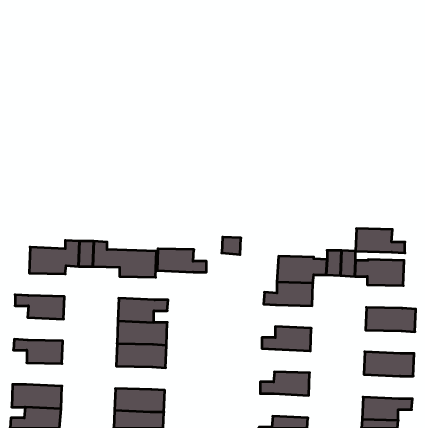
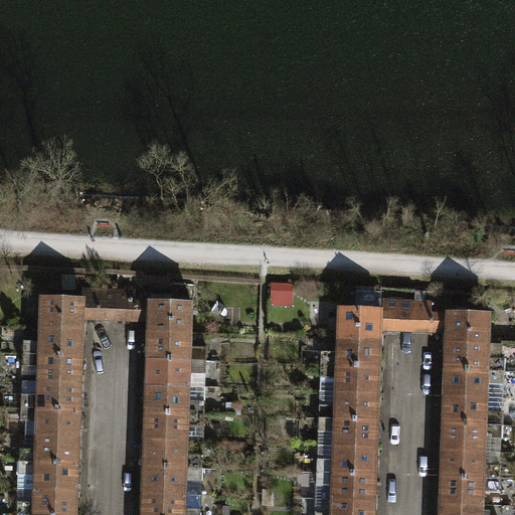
building: [356,229,405,253] -> [444,342,503,371]
building: [157,249,206,272] -> [146,332,205,360]
building: none -> [21,328,81,356]
building: none -> [319,365,378,394]
building: none -> [20,381,79,409]
building: none -> [442,396,502,424]
building: none -> [317,418,376,448]
building: none -> [18,436,77,464]
building: none -> [142,440,201,469]
building: none -> [440,450,499,479]
building: none -> [316,473,374,502]

